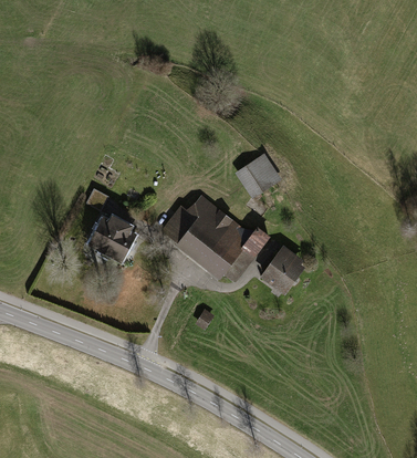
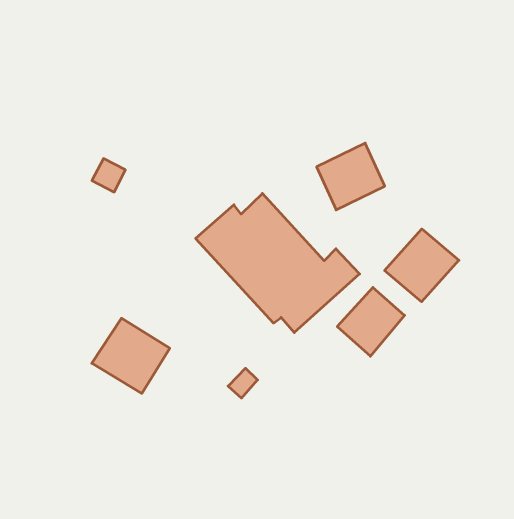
building: none -> [385,229,459,302]
building: [86,215,136,262] -> [92,318,170,393]

